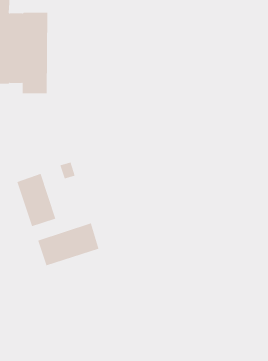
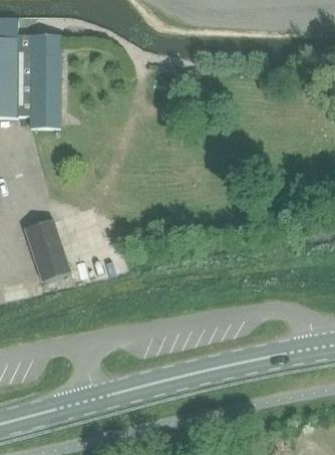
building: [38,223,99,266] -> none

